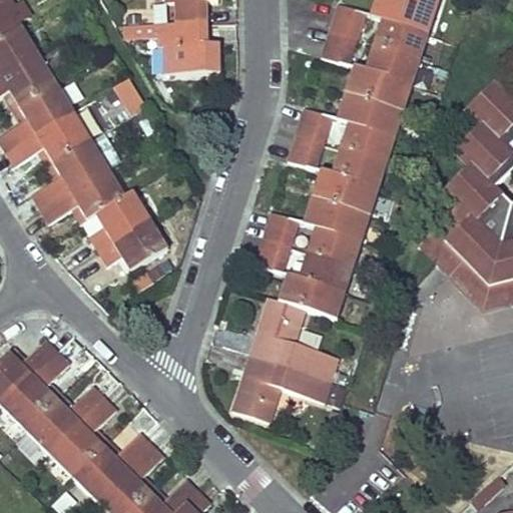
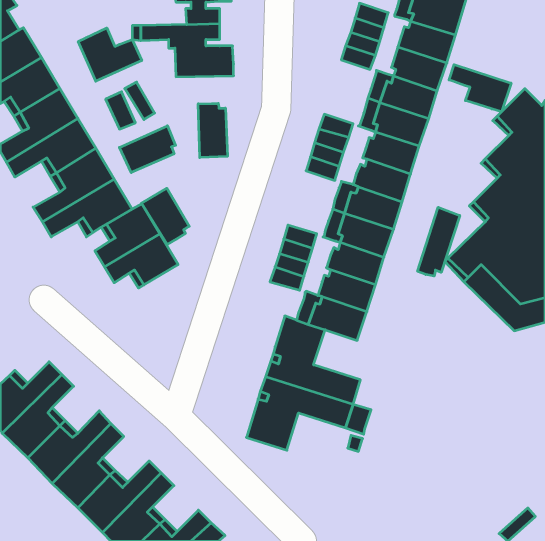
building: none -> [78,28,142,81]
building: none -> [449,65,511,112]
building: none -> [198,103,227,158]
building: none -> [119,126,176,173]
building: none -> [141,188,189,245]
building: none -> [418,207,460,276]

